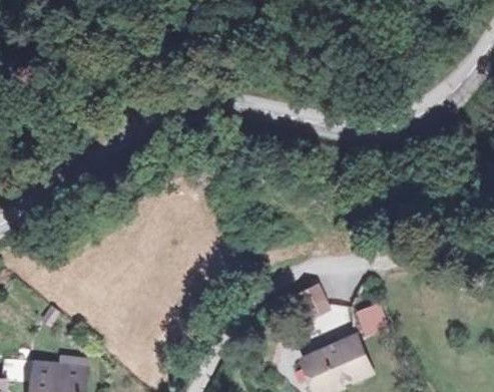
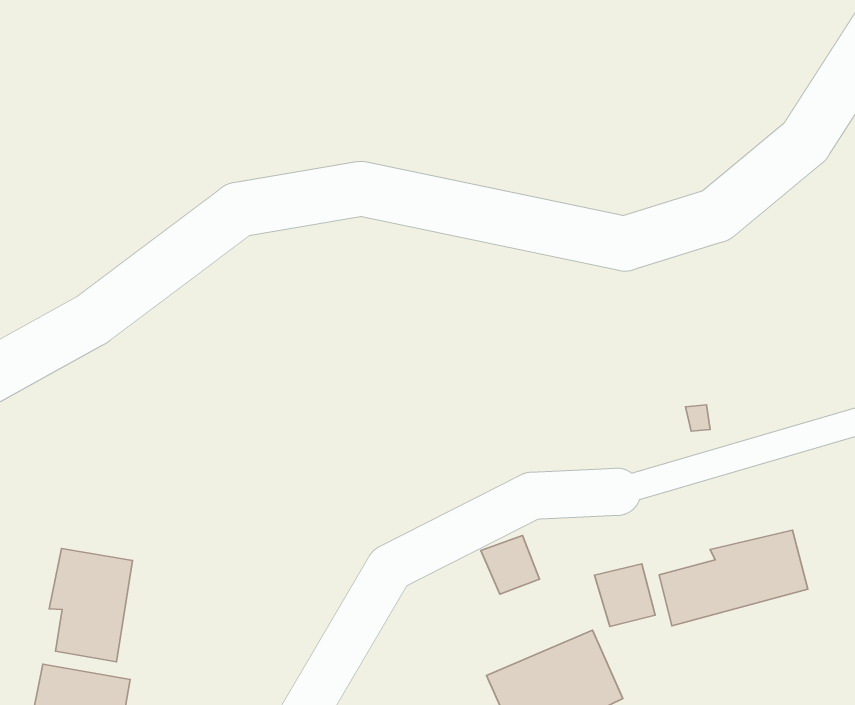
building: none -> [659,530,808,626]
building: none -> [49,548,132,662]

